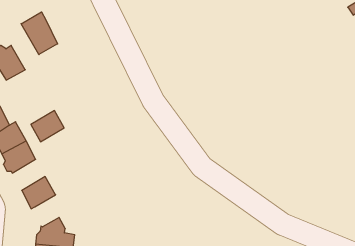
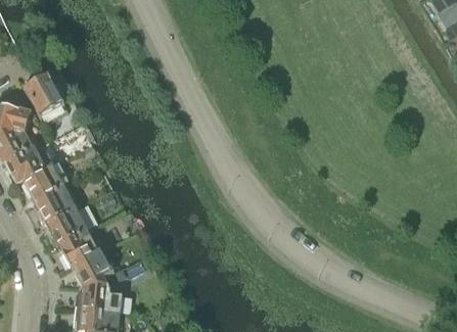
building: [21,12,58,55] -> none
building: [31,111,64,142] -> [48,208,87,245]
building: none -> [75,249,113,288]

